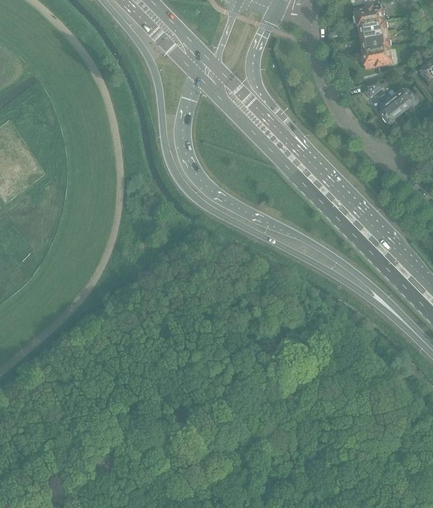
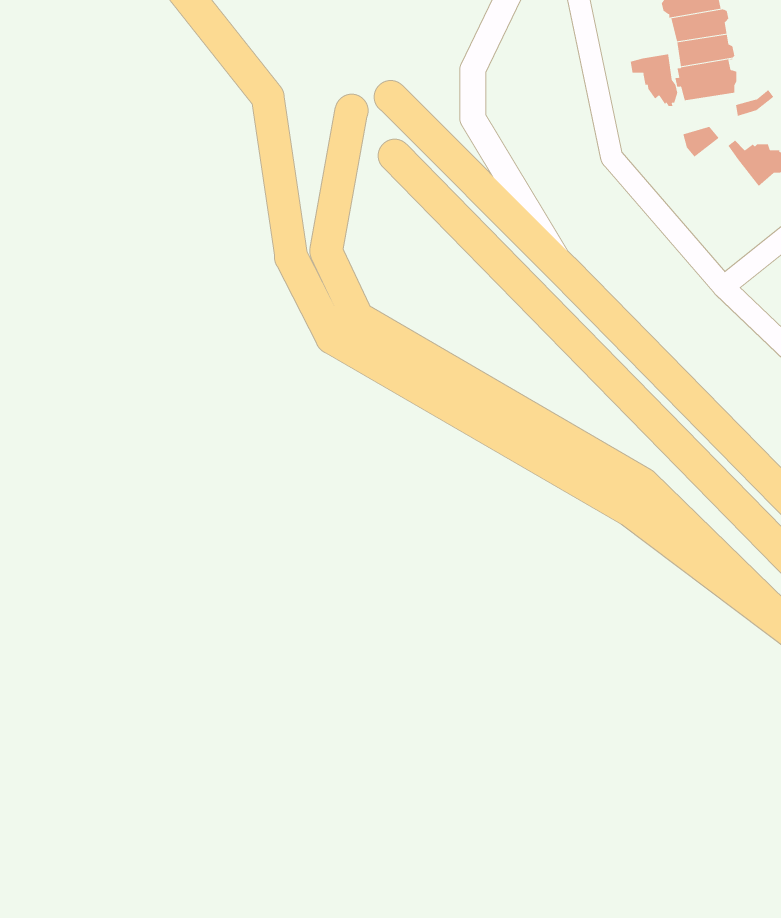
building: none -> [630,53,678,107]
building: [375,88,403,123] -> none

